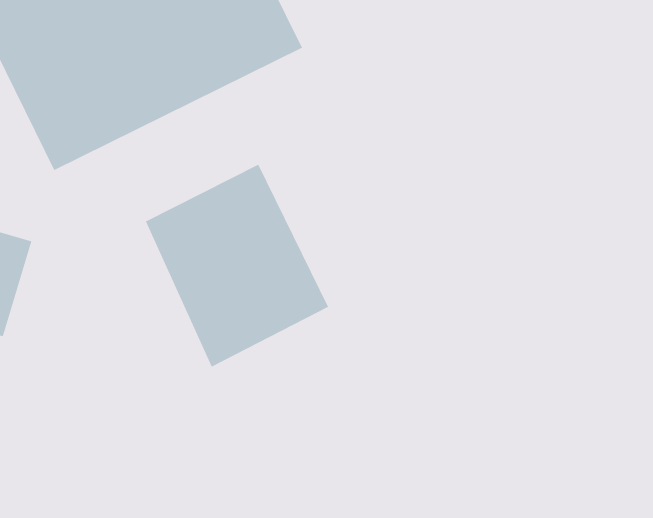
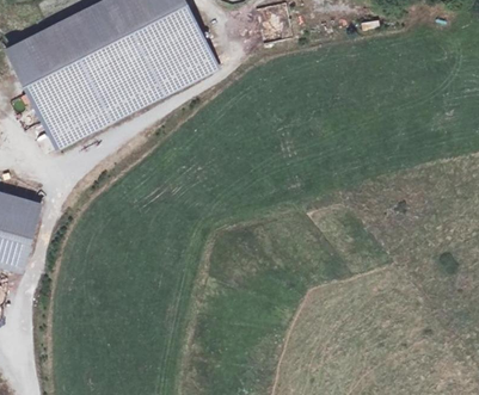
building: [145,164,329,367] -> none

